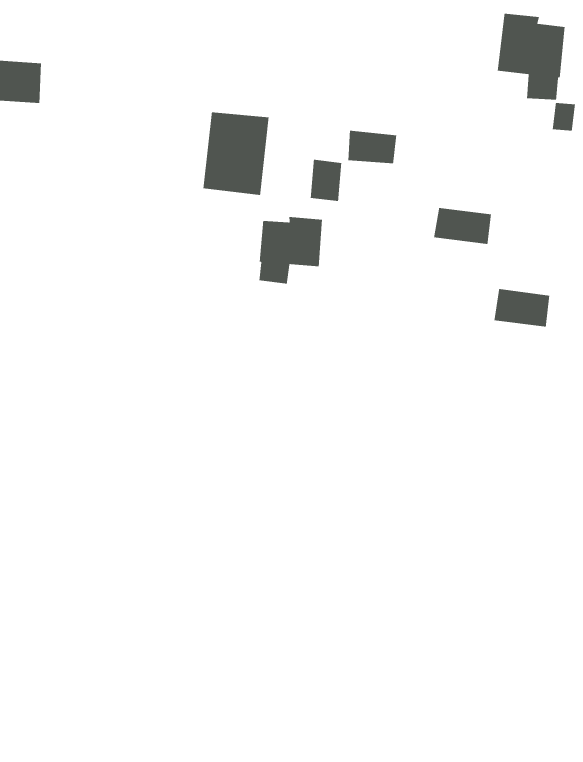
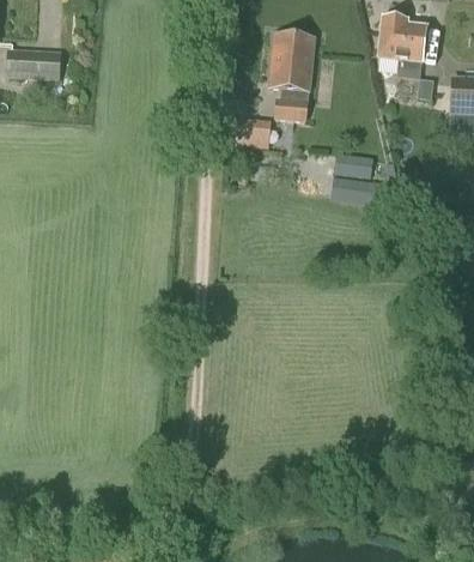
building: [203,112,270,196] -> [267,34,314,92]
building: [258,216,323,284] -> none
building: [493,288,550,328] -> [329,176,369,204]

